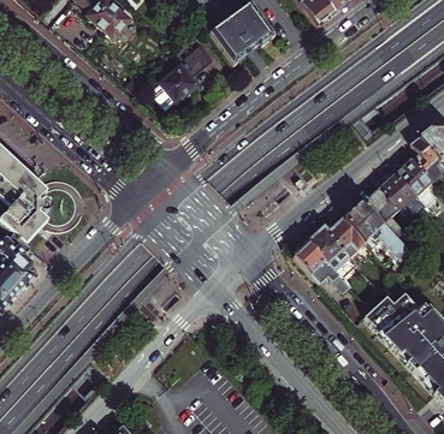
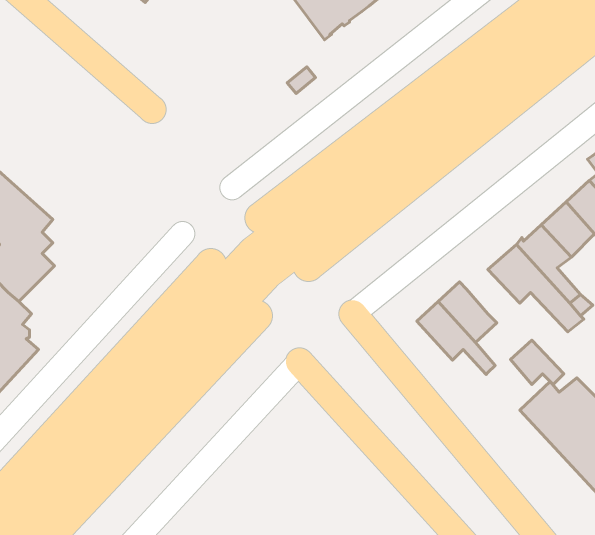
building: [154,46,212,106] -> none
building: [328,219,365,249] -> [511,340,564,385]

